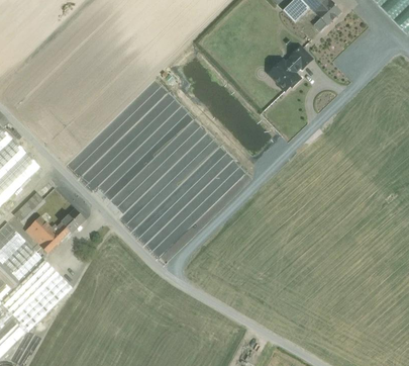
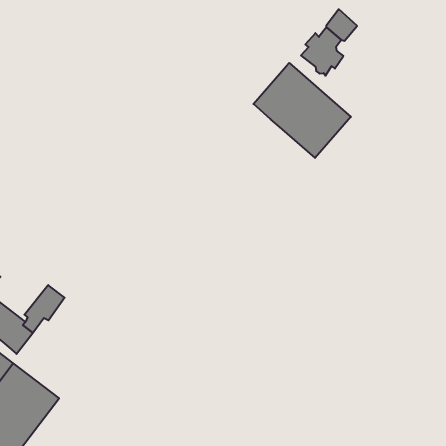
building: none -> [253,63,351,158]

